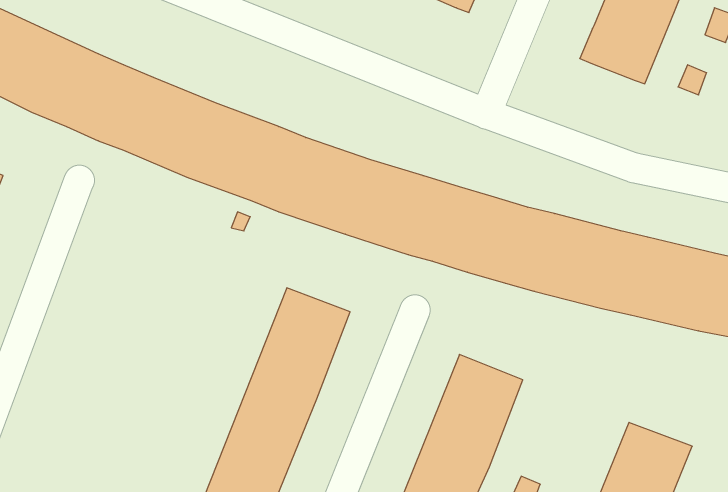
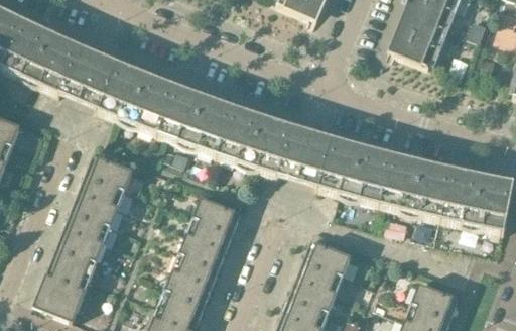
building: none -> [36,149,136,318]

